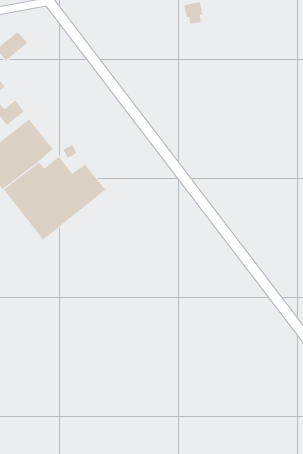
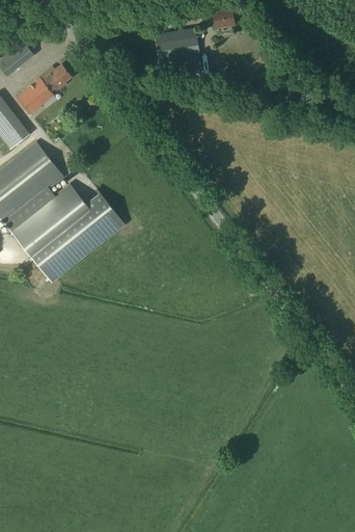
building: none -> [156,28,202,72]
building: none -> [17,62,73,113]

